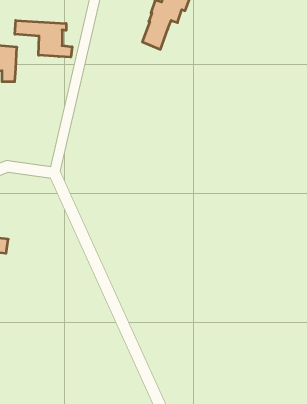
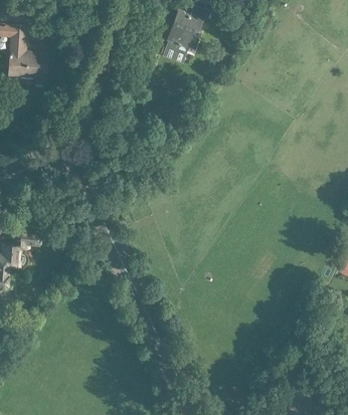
building: [15,20,72,57] -> none

